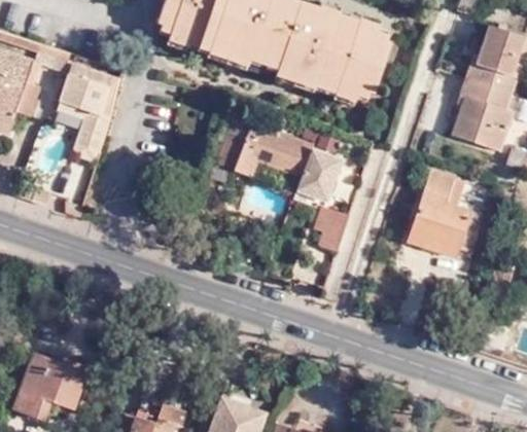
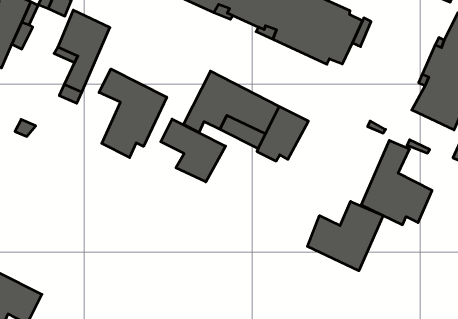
building: none -> [99,69,167,158]
building: none -> [161,119,226,182]
building: [313,207,348,252] -> none
building: none -> [307,201,383,271]

